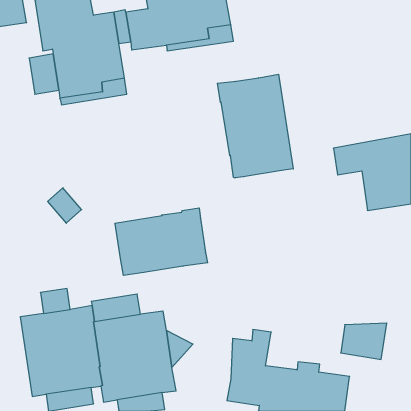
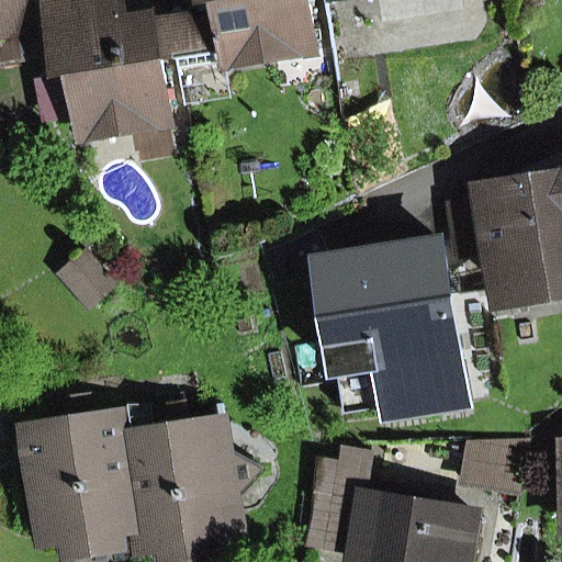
building: [217,74,293,178] -> none
building: none -> [322,243,467,416]
building: [115,208,208,275] -> none

